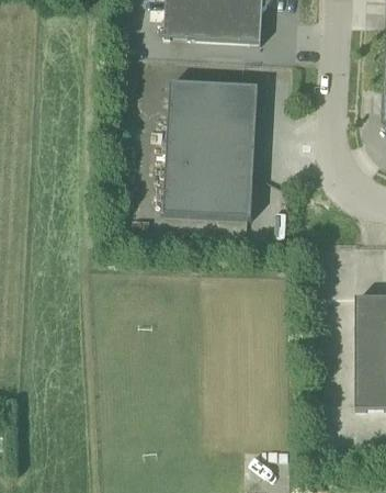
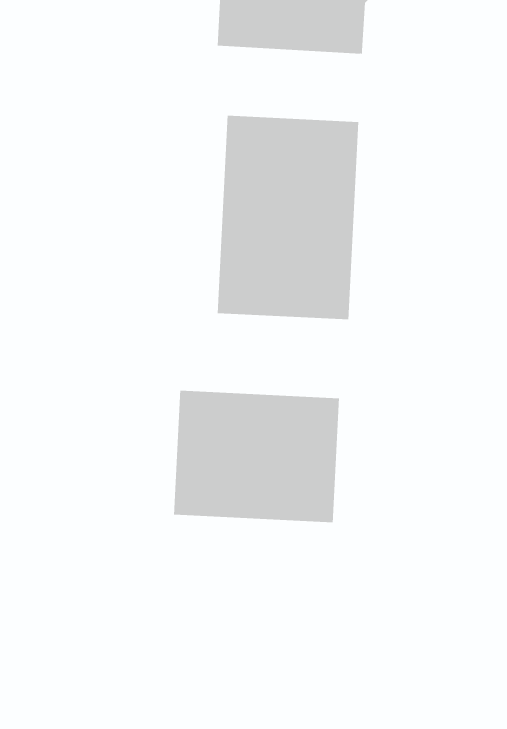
building: none -> [174,390,340,523]

